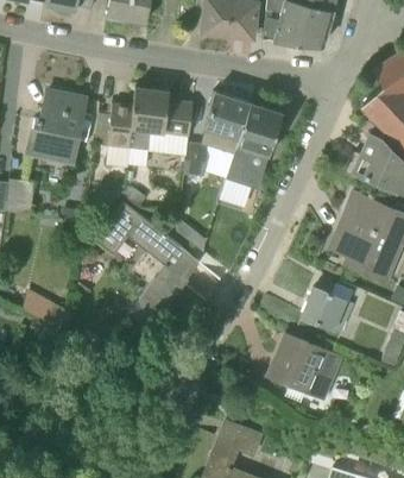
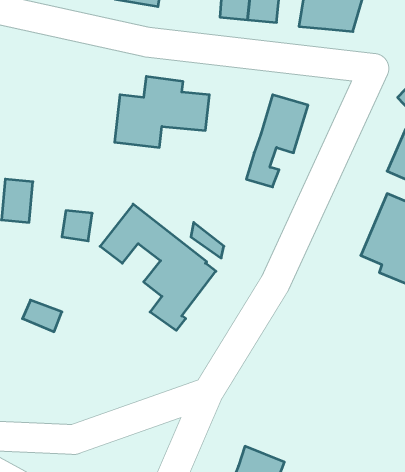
building: [27,90,86,162] -> none
building: [183,92,250,177] -> none
building: [302,288,353,333] -> none
building: [271,335,341,400] -> none

